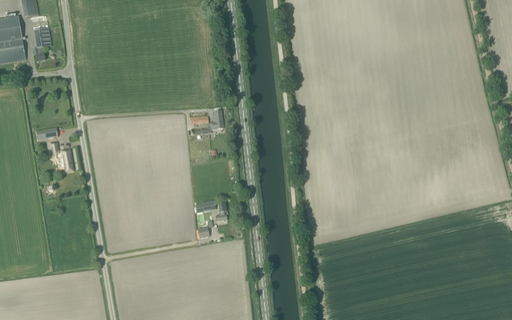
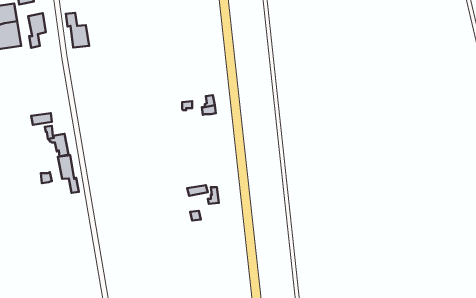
building: none -> [66,13,89,48]
building: none -> [58,155,79,193]

